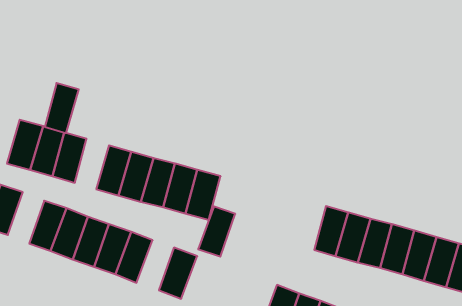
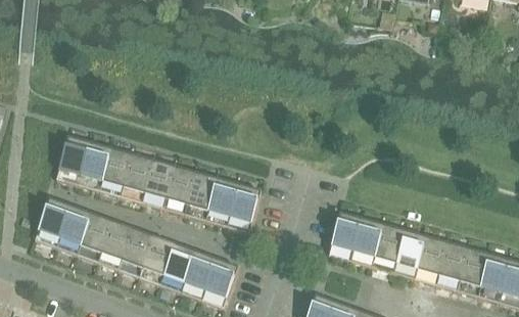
building: [45,83,79,133] -> [121,152,153,200]
building: none -> [56,203,91,253]
building: none -> [328,211,362,259]
building: [198,206,235,257] -> [180,250,216,298]

